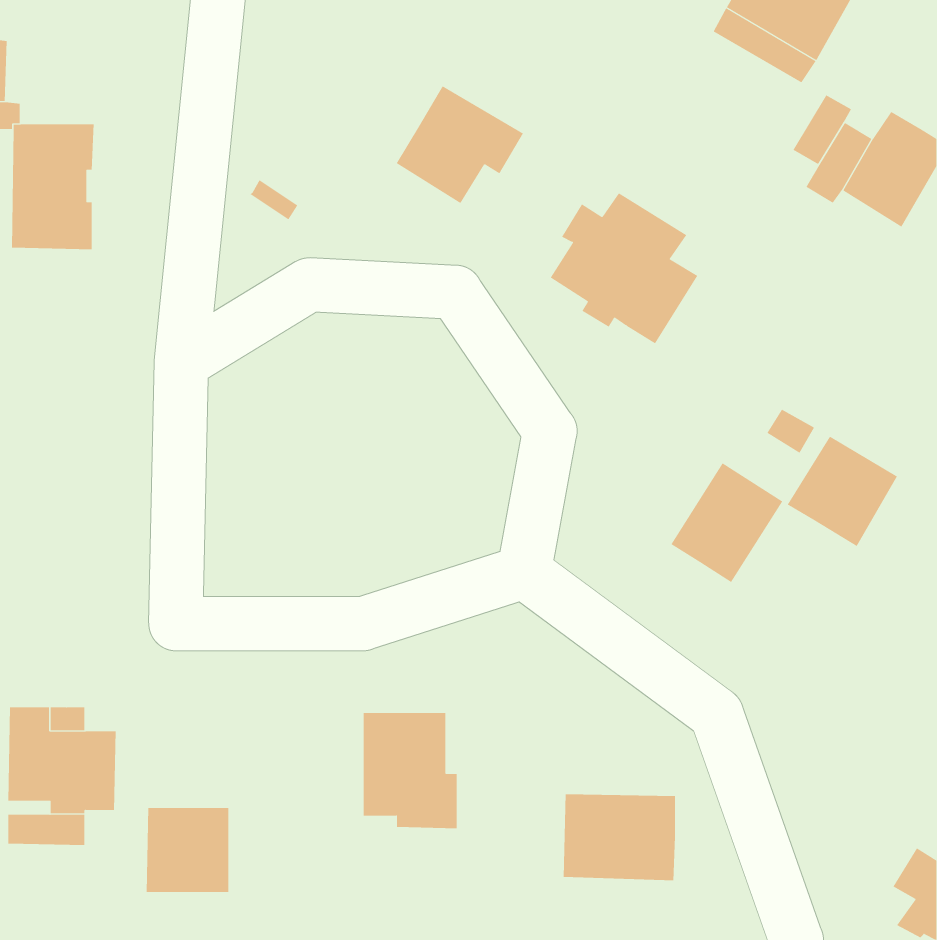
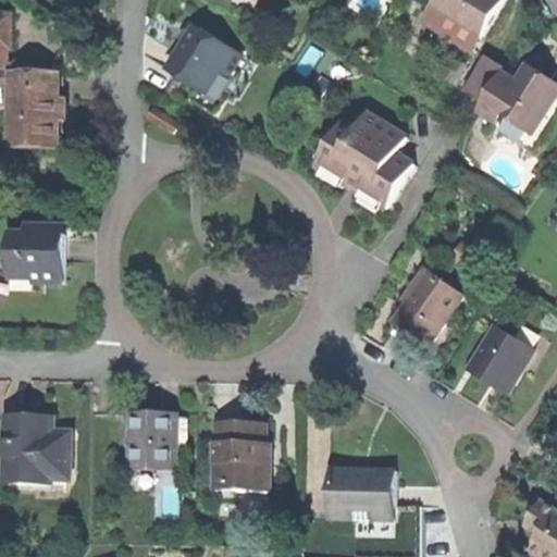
building: [396,85,524,204] -> [164,23,239,92]
building: none -> [4,224,61,284]
building: [787,436,898,547] -> [468,325,533,391]
building: [146,807,229,893] -> [124,410,173,460]

